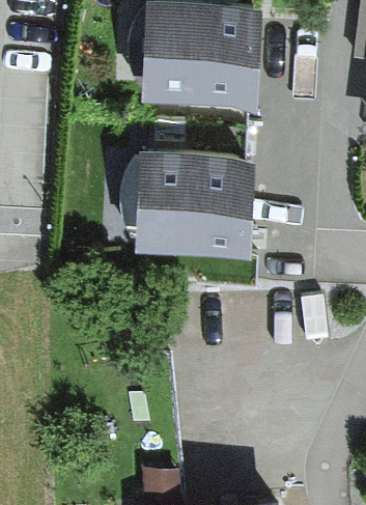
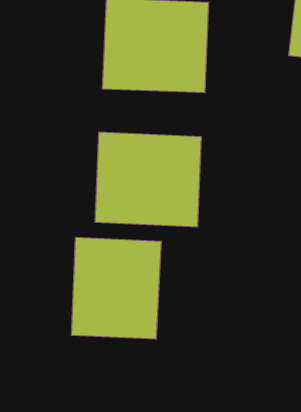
building: none -> [71,237,161,339]

